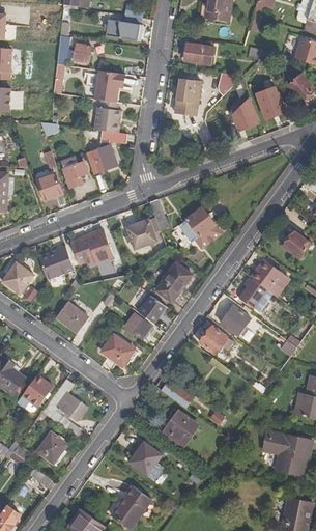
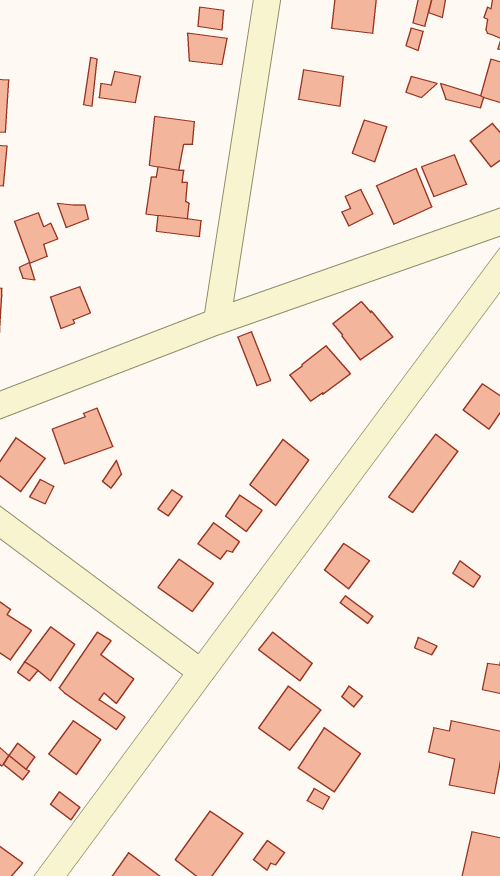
building: [176,79,201,114] -> none
building: [85,145,117,174] -> none
building: [60,156,86,186] -> [14,213,58,263]
building: none -> [333,302,393,360]
building: [125,220,155,249] -> none
building: [70,231,112,263] -> none
building: [55,302,87,332] -> none
building: [221,306,250,335] -> none
building: [131,440,168,478] -> [298,728,360,792]

